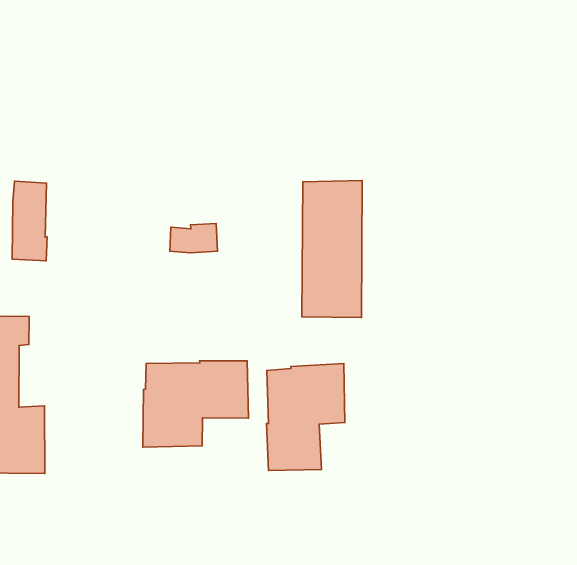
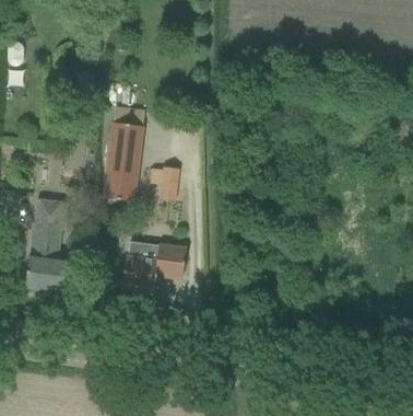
building: [302,180,362,317] -> [102,122,144,200]
building: [267,364,345,471] -> none

